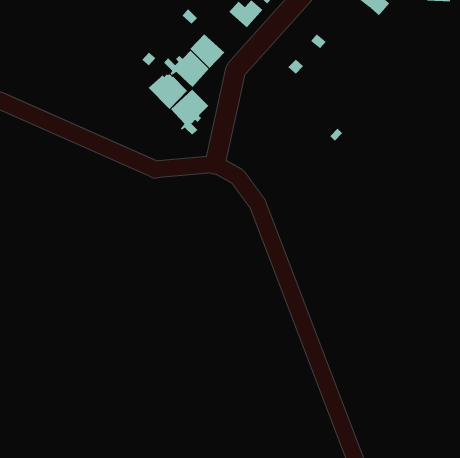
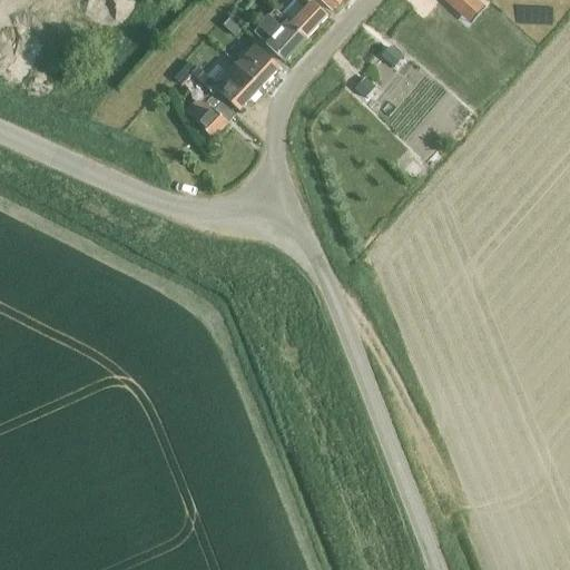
building: none -> [255,6,307,57]
building: [170,89,209,136] -> none

